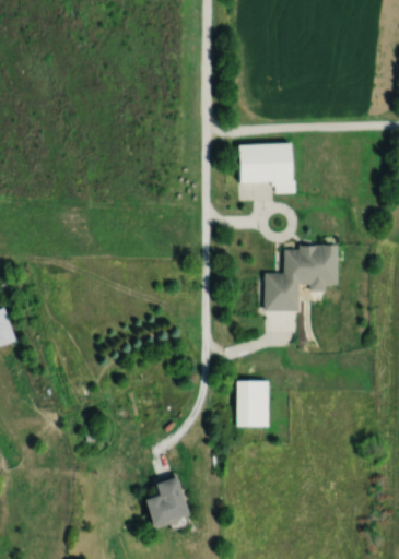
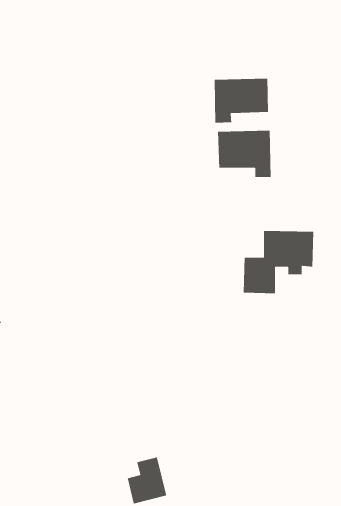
building: none -> [214,78,269,123]
building: [236,381,269,427] -> none

